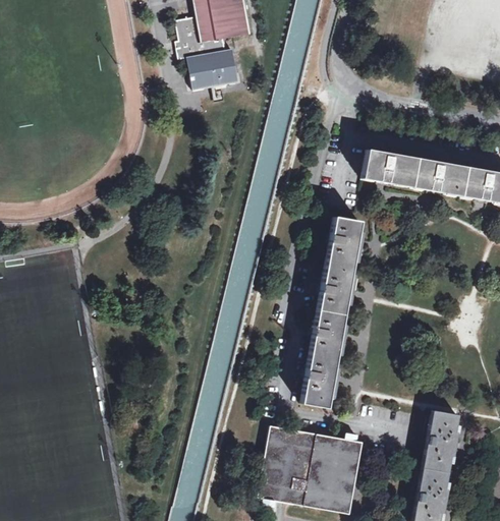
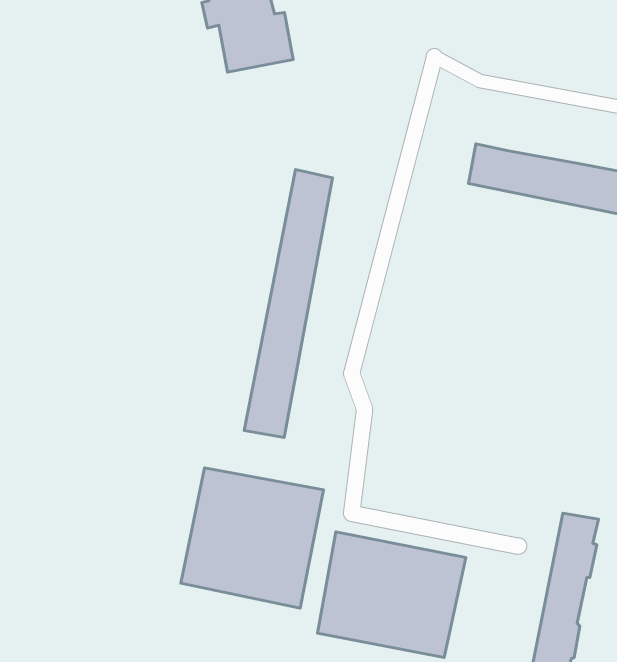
building: [300,215,364,406] -> [244,169,333,438]
building: none -> [181,468,324,608]

